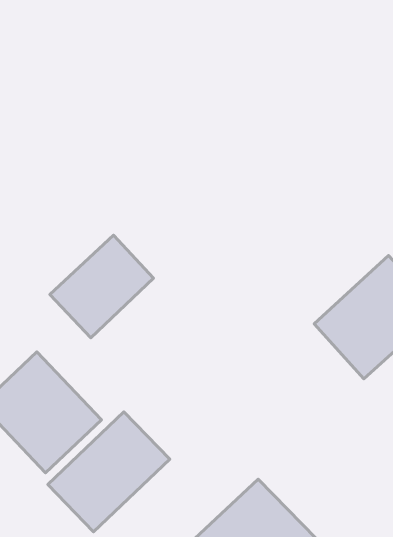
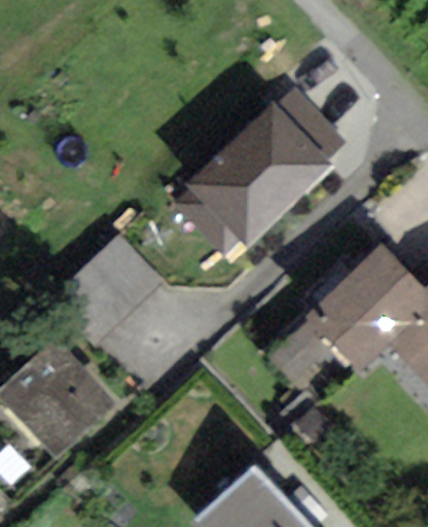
building: none -> [185,102,327,241]
building: [48,412,170,532] -> none

